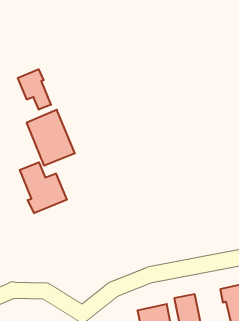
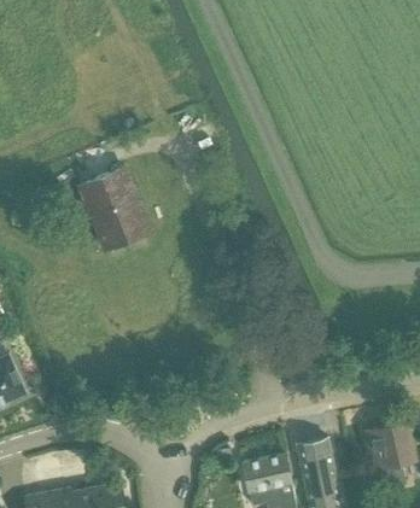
building: [18,69,51,110] -> none
building: [20,162,67,213] -> none

